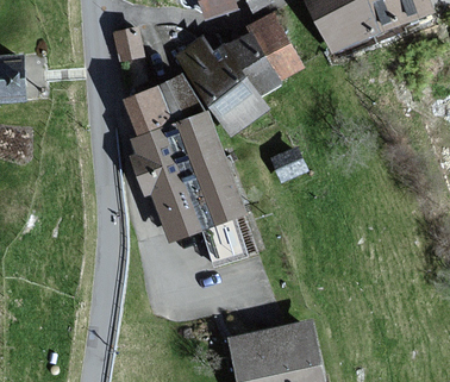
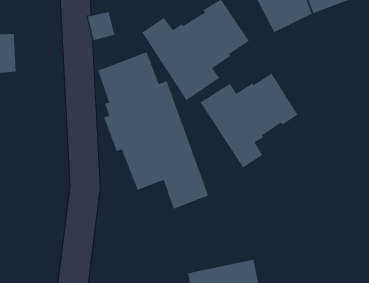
building: none -> [199,72,298,169]

